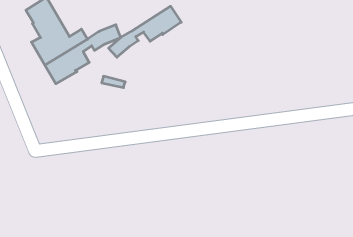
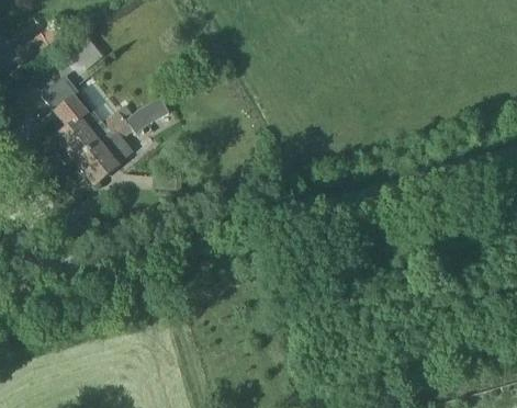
building: [109,6,181,57] -> none

